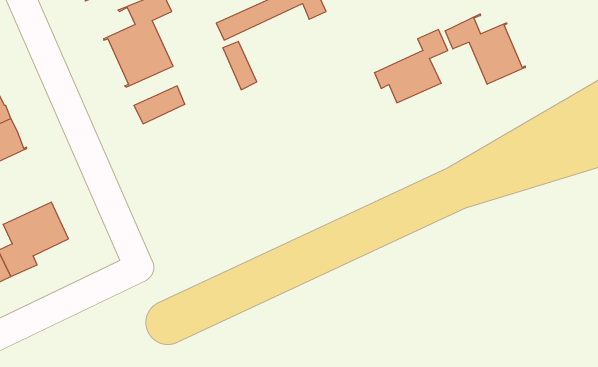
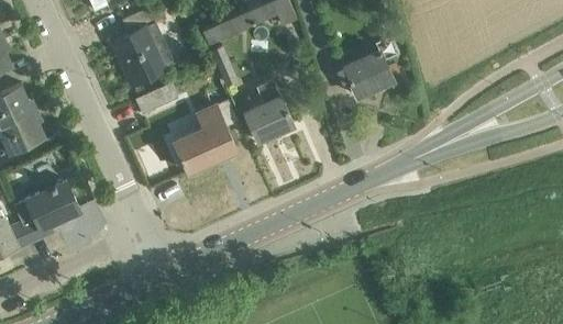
building: [445,14,525,84] -> none
building: none -> [243,80,292,142]
building: none -> [173,100,236,172]

